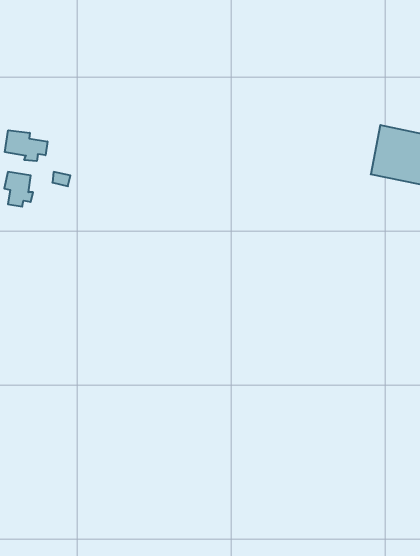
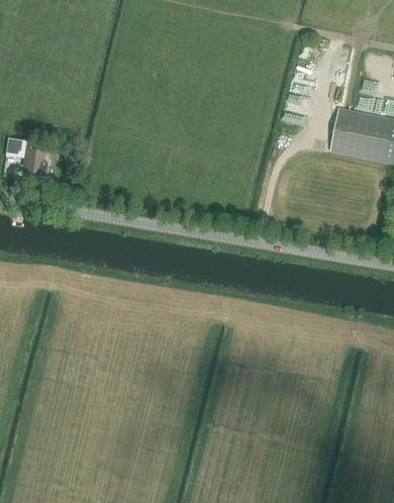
building: [5,130,47,161] -> none

